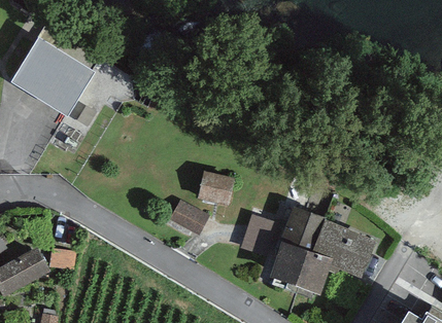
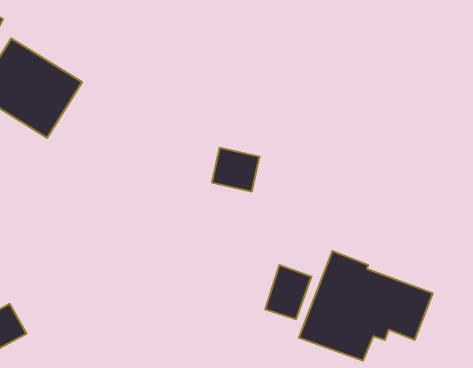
building: [196,172,234,207] -> [212,148,260,191]
building: [167,202,209,241] -> none

